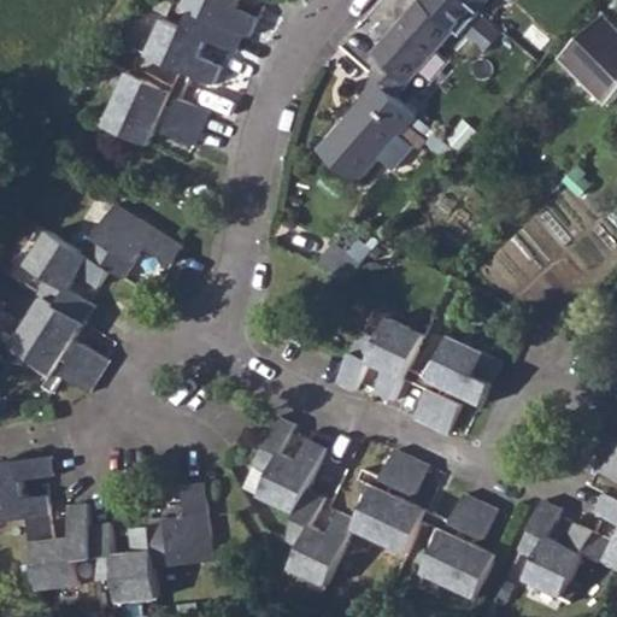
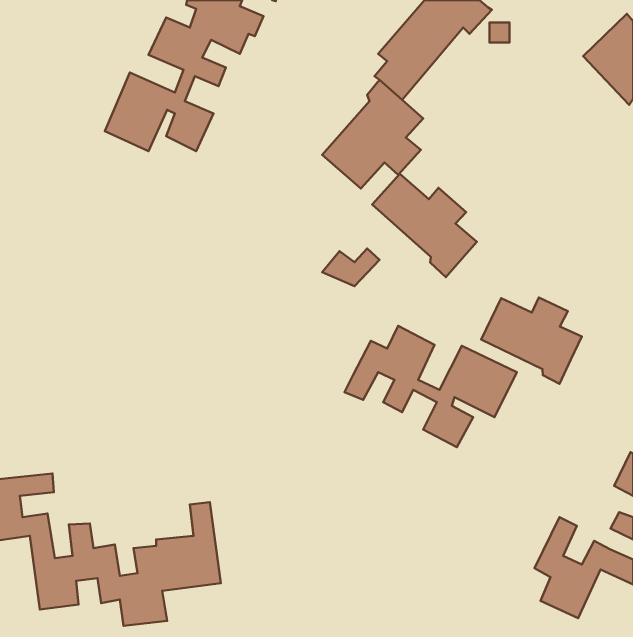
building: none -> [372,174,477,277]
building: [7,202,180,392] -> none
building: none -> [481,297,582,384]
building: [254,418,498,600] -> none

